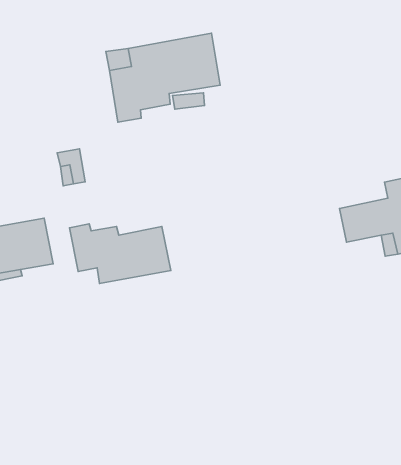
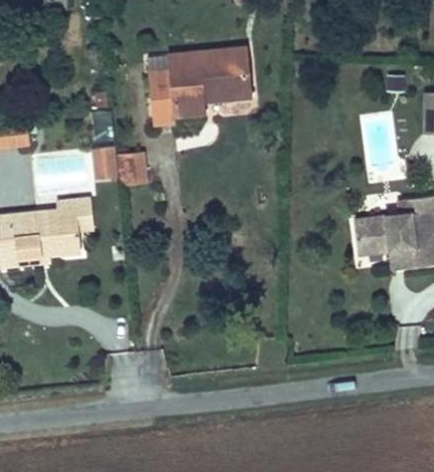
building: none -> [117,153,146,186]
building: [69,224,171,283] -> none

